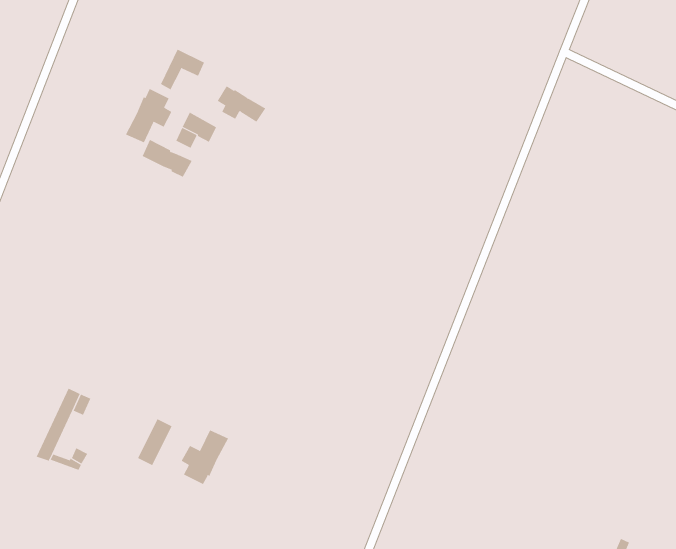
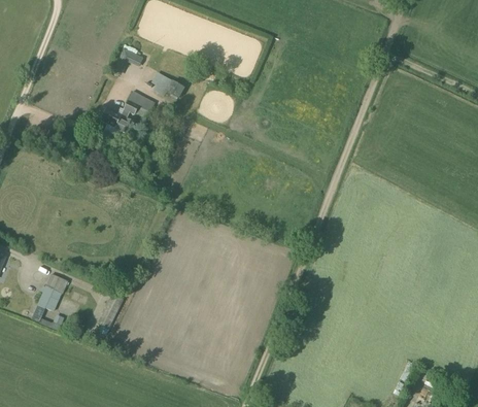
building: [125,88,172,143] -> none
building: [181,429,229,485] -> none

